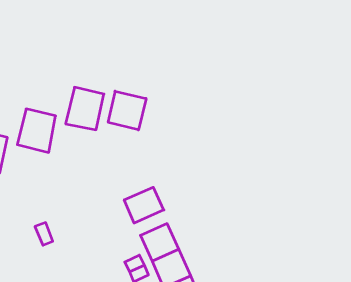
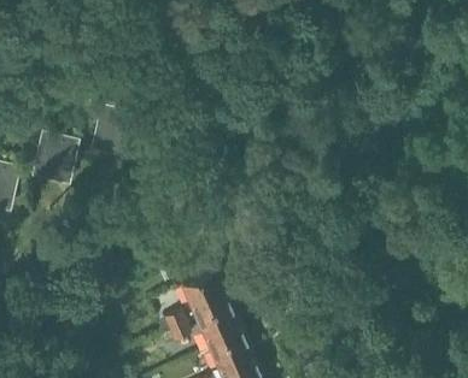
building: [108,91,146,130] -> none
building: [124,187,164,223] -> none

